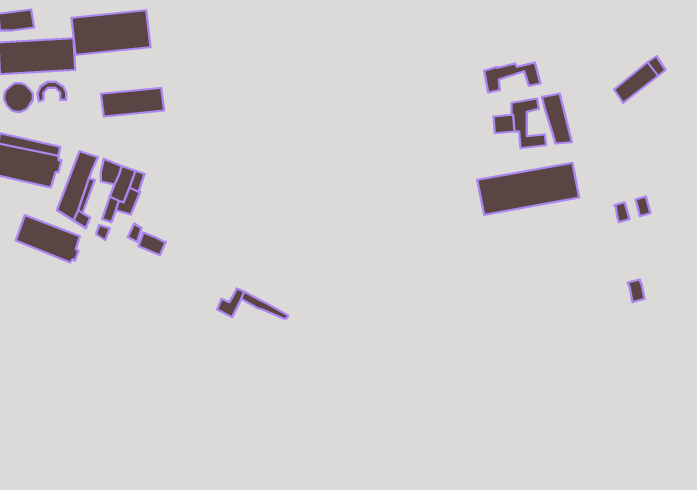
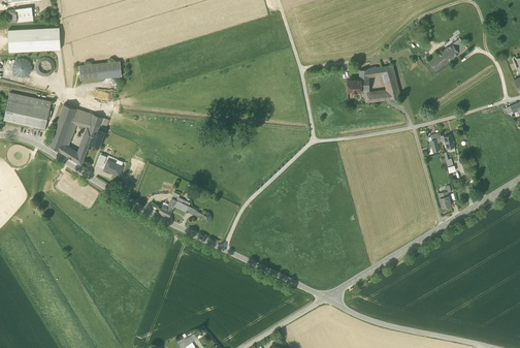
building: [71,10,150,55] -> none
building: [484,62,540,93] -> none
building: [477,163,579,215] -> none
building: [16,215,80,263] -> none

